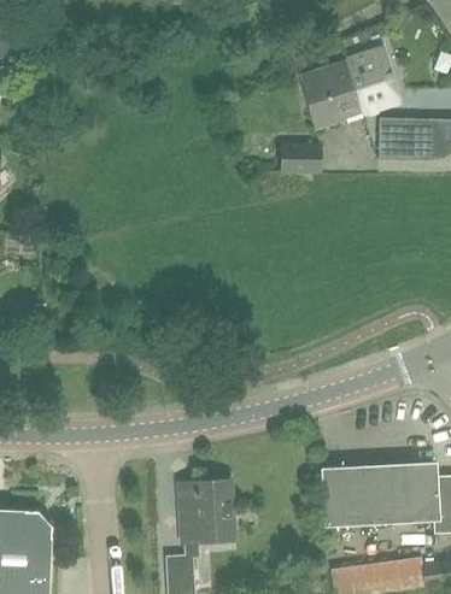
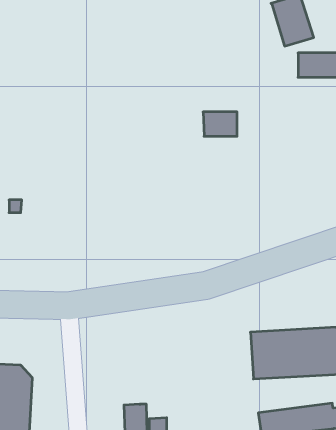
building: [299,63,362,130] -> none
building: [279,143,321,174] -> [203,112,237,136]
building: [176,481,229,541] -> none

